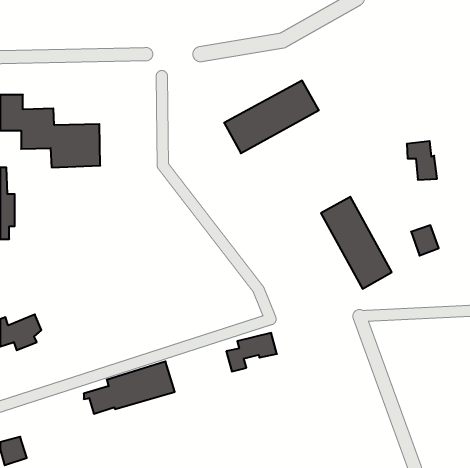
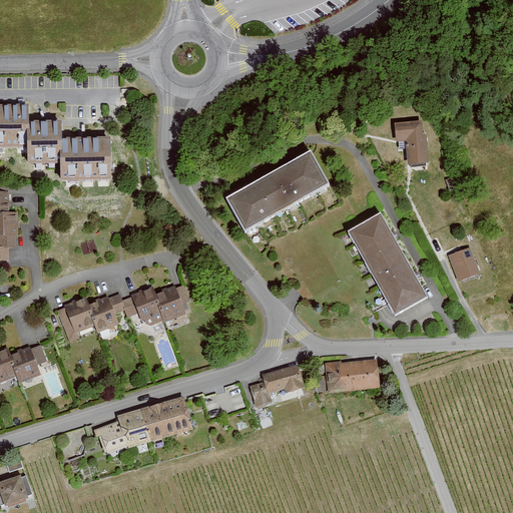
building: [224,81,319,153] -> [226,152,330,231]
building: [407,141,437,180] -> [393,120,426,162]
building: none -> [57,286,188,342]
building: none -> [322,357,375,392]

